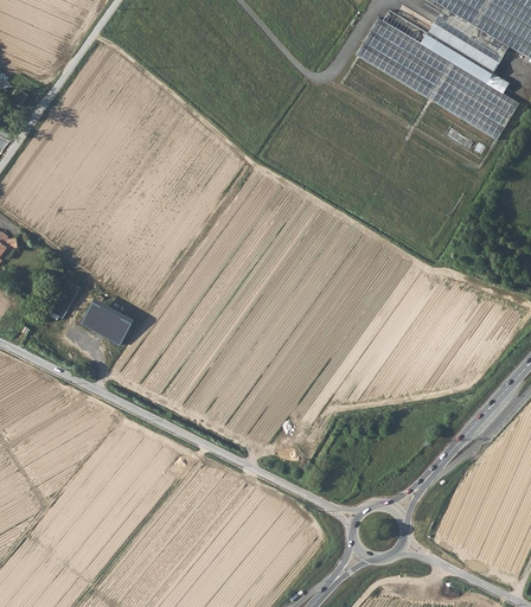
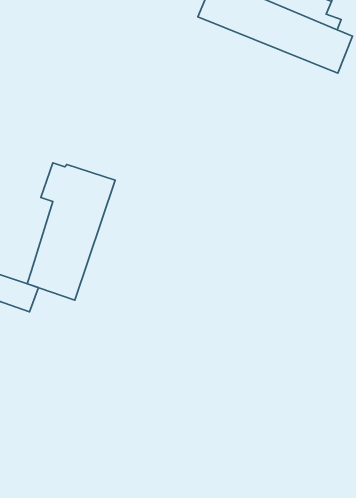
building: none -> [27,163,115,300]

